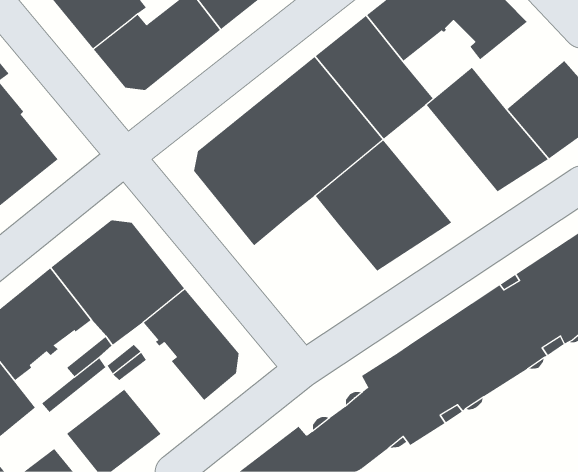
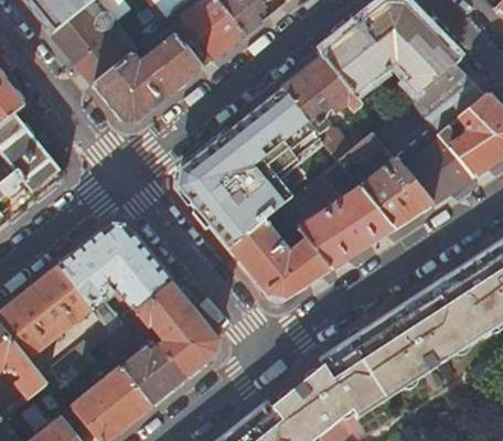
building: none -> [410,61,488,133]
building: none -> [336,130,431,228]
building: none -> [228,218,331,299]
building: none -> [120,338,186,405]

